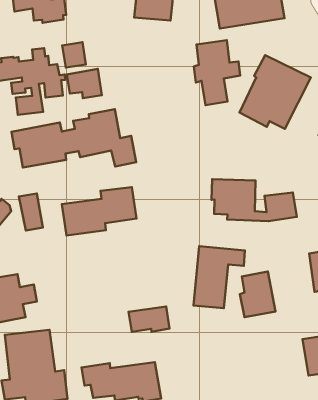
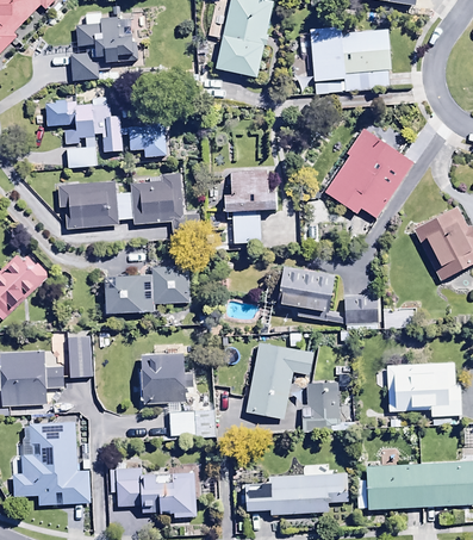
building: [194,40,240,105] -> [225,169,278,242]
building: [62,42,86,68] -> [71,52,97,80]
building: [19,193,43,231] -> [69,335,93,377]
building: none -> [141,352,194,403]
building: none -> [247,473,349,515]

